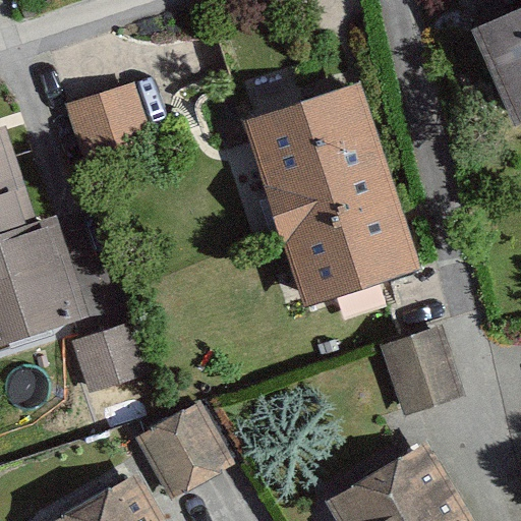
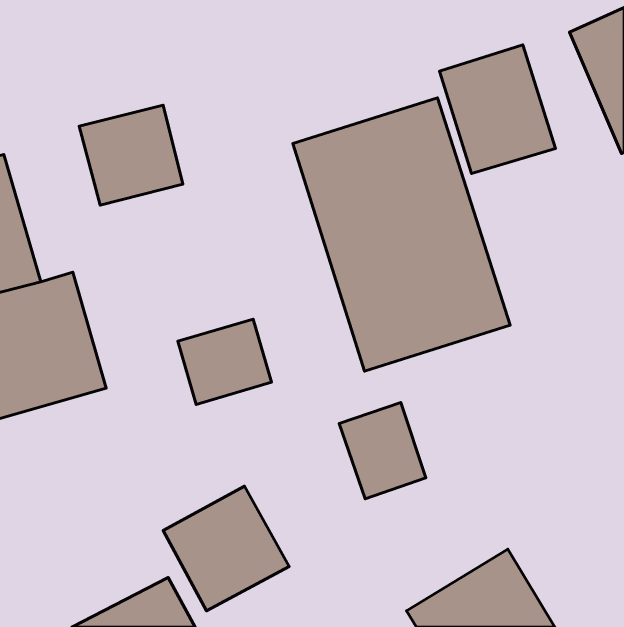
building: none -> [439,45,556,173]
building: [72,323,150,393] -> [178,319,272,404]
building: [385,331,456,410] -> [339,402,426,499]

